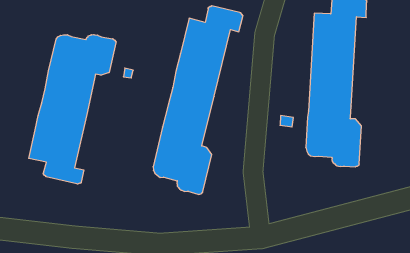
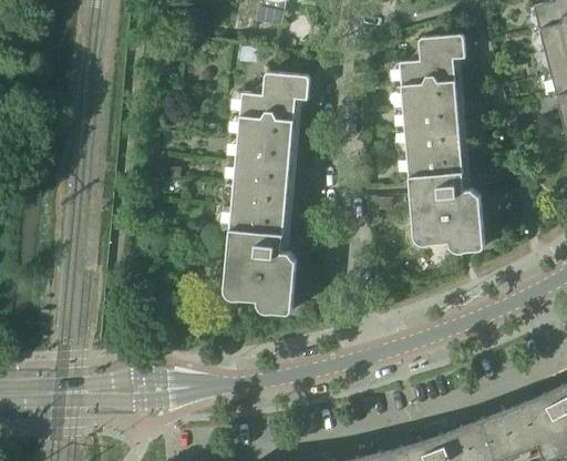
building: [29,35,116,184] -> none

